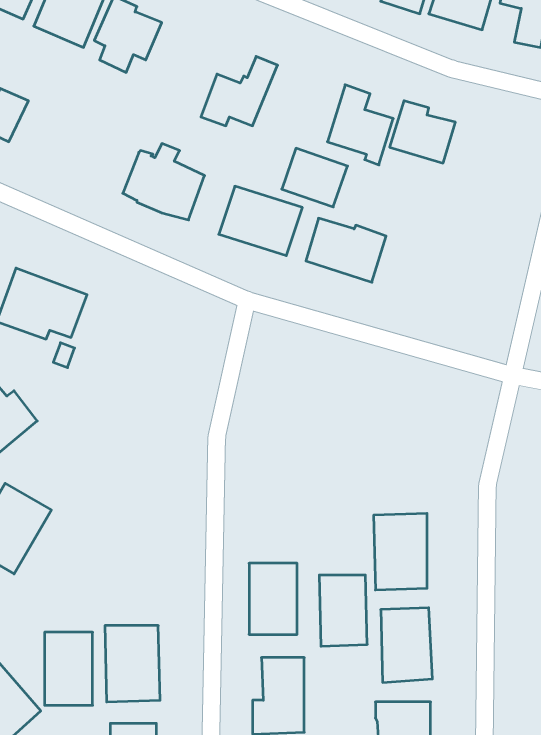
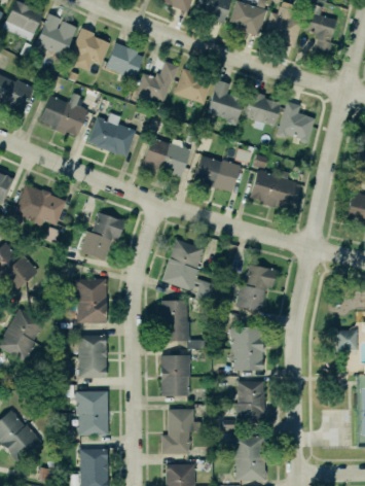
building: none -> [105,42,142,77]
building: none -> [38,93,86,136]
building: none -> [278,102,316,143]
building: [282,148,348,207] -> [175,70,213,104]
building: none -> [249,169,298,209]
building: none -> [79,212,123,262]
building: none -> [163,240,214,303]
building: none -> [235,265,276,311]
building: none -> [69,279,105,321]
building: [319,575,367,646] -> [161,301,189,342]
building: [45,632,93,705] -> [79,336,107,378]

